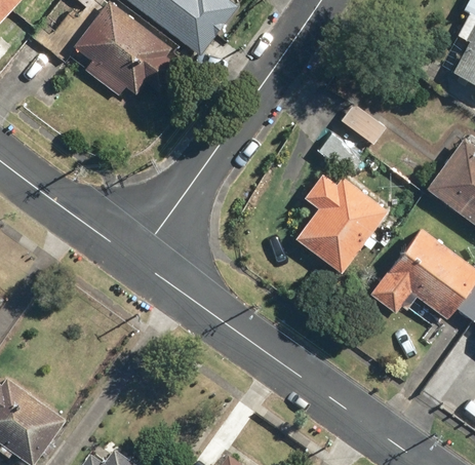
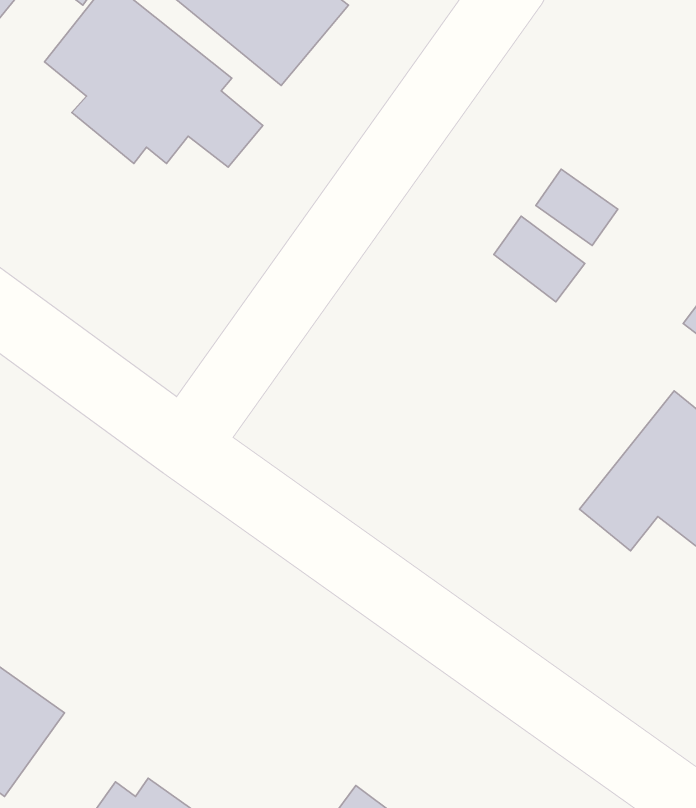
building: [291,175,386,275] -> none

